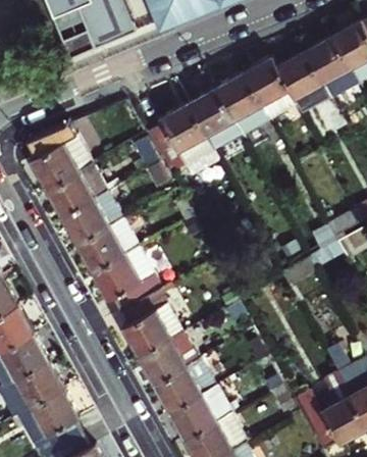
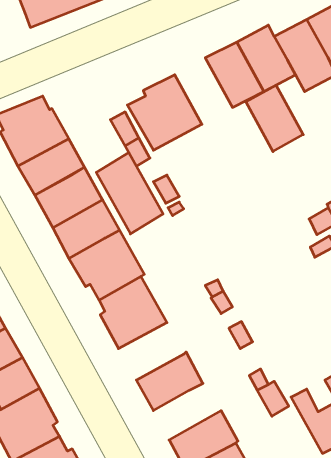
building: [190,88,242,148] -> [246,85,303,152]
building: none -> [96,153,163,234]
building: [139,327,198,379] -> none
building: [170,382,231,434] -> none

